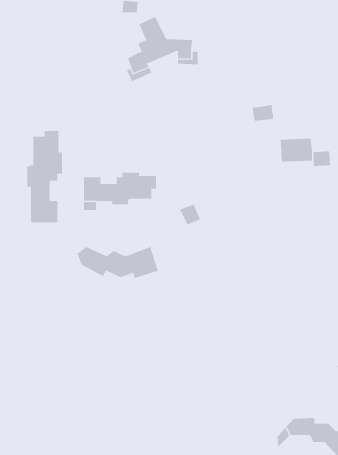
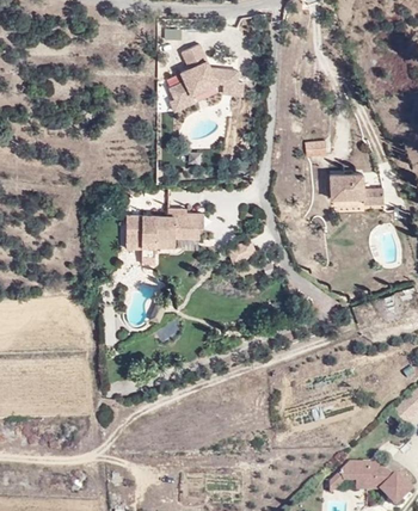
building: [27,130,63,223] -> none
building: [77,246,159,279] -> none

